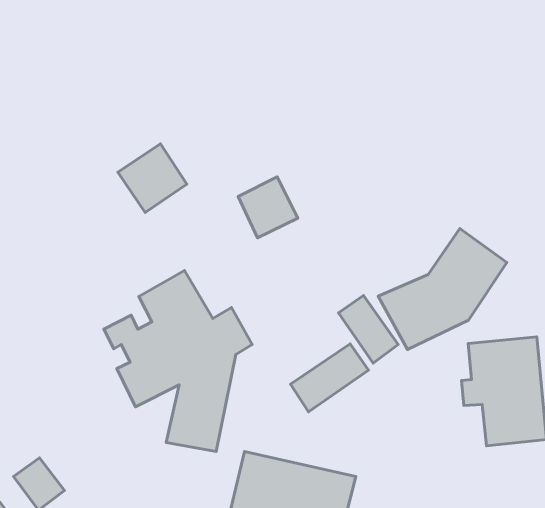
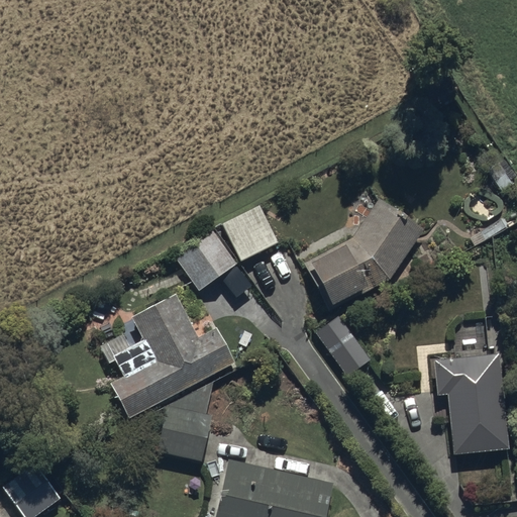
building: [118,144,187,212] -> [173,228,236,292]
building: [378,229,507,350] -> [302,199,421,311]
building: [291,344,369,412] -> none

